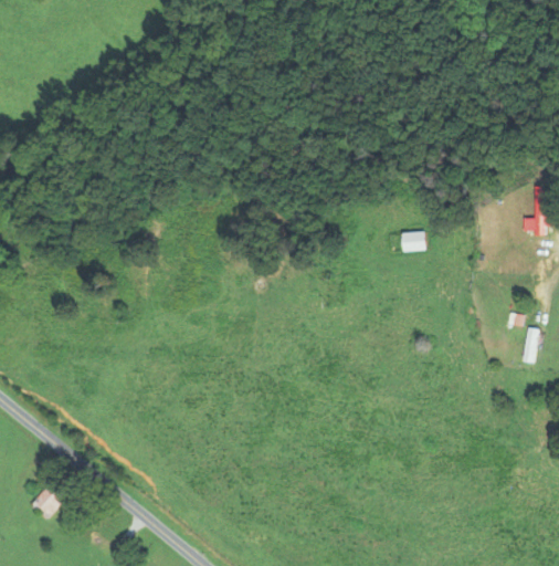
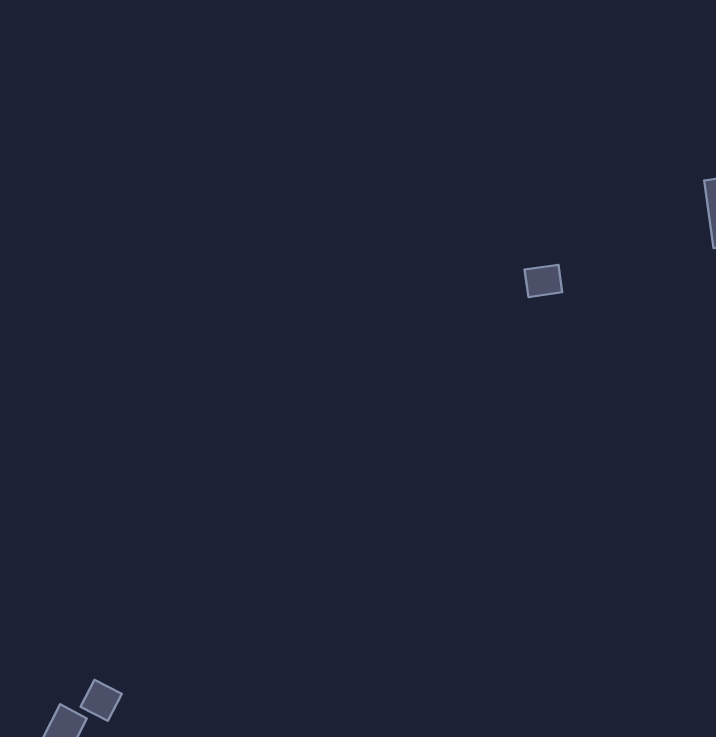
building: none -> [80,680,122,721]

